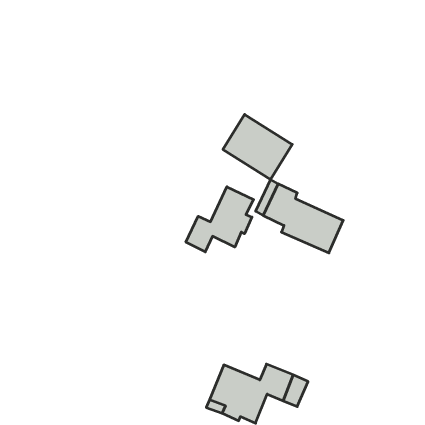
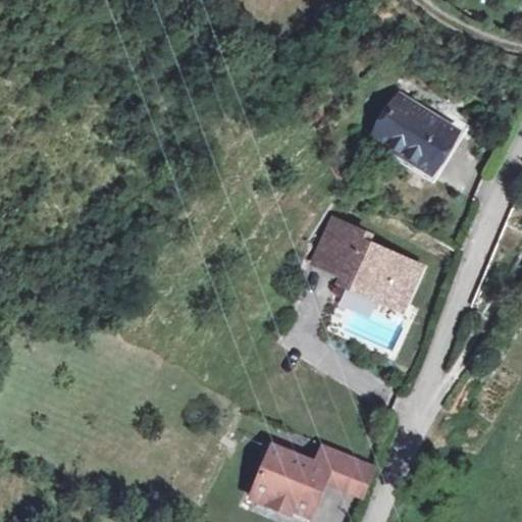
building: [223,114,292,180] -> [373,95,458,174]
building: [186,187,254,252] -> none

